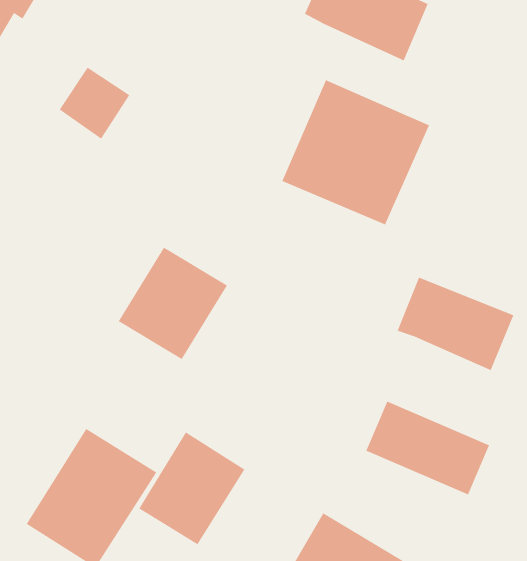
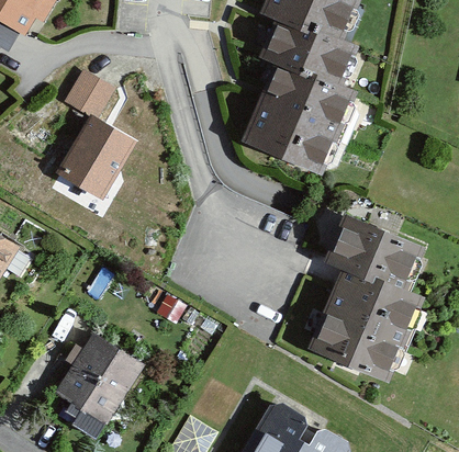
building: none -> [258,22,354,92]
building: [118,247,228,360] -> [54,112,138,199]
building: none -> [323,262,423,346]
building: [139,432,245,545] -> none

